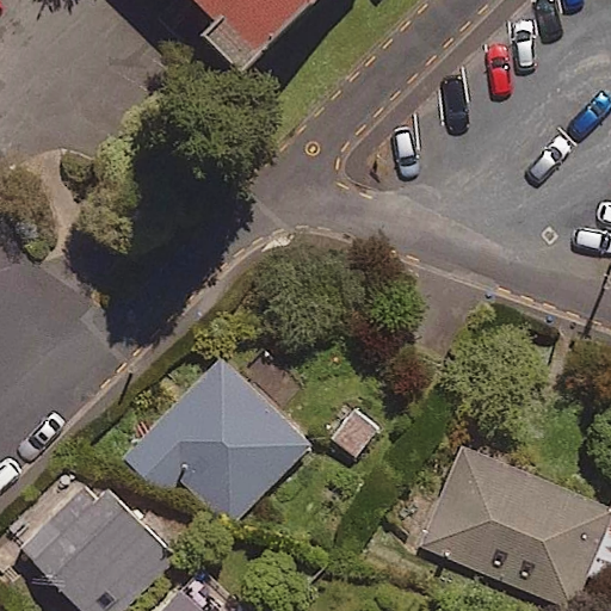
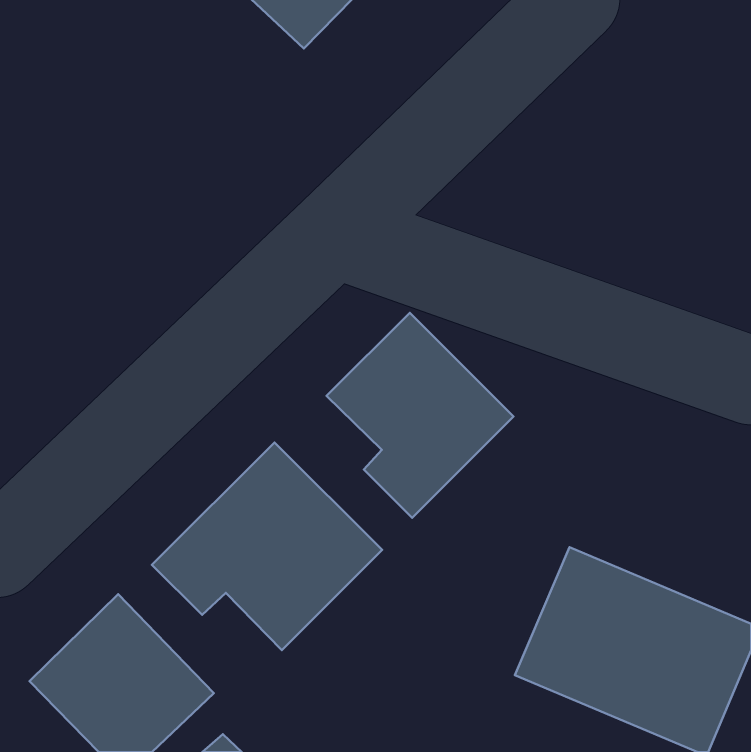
building: none -> [327,313,514,518]

